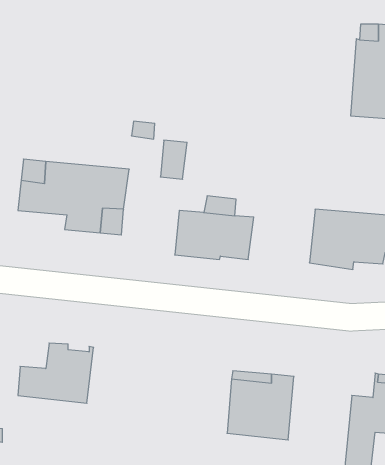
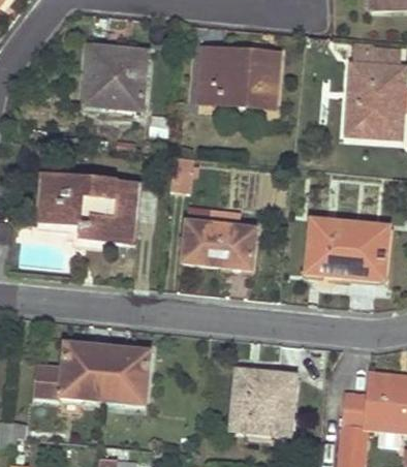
building: none -> [85,45,147,110]
building: none -> [199,46,280,107]
building: none -> [101,349,148,405]

